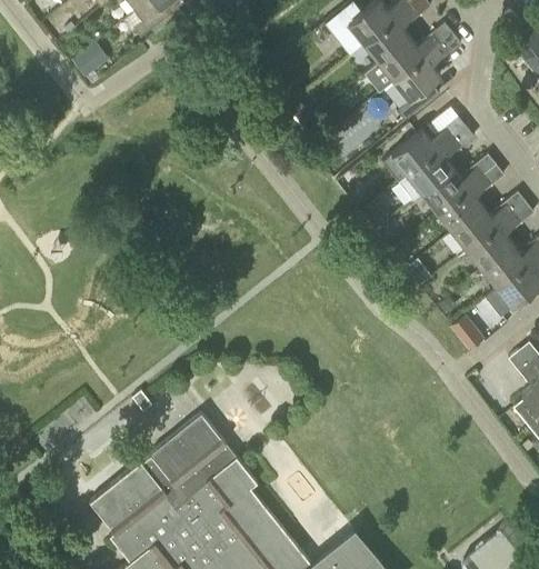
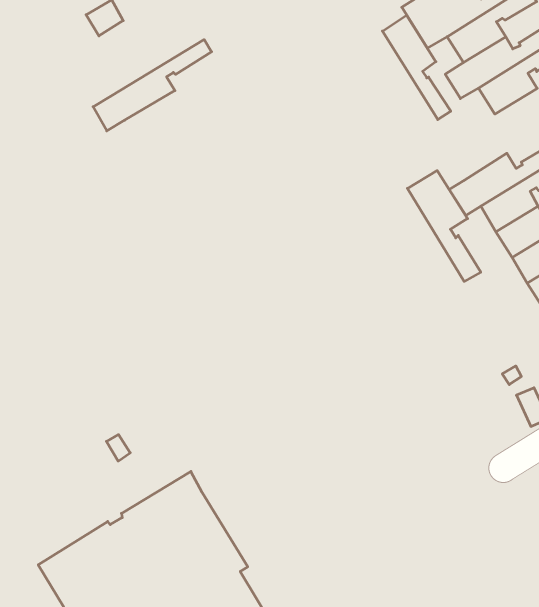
building: none -> [382,15,451,120]
building: none -> [93,40,212,131]
building: none -> [407,171,481,281]

